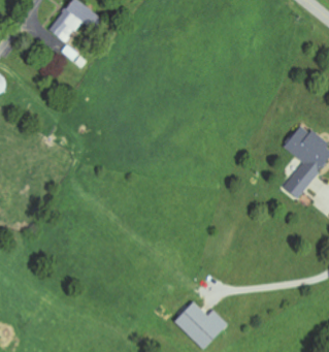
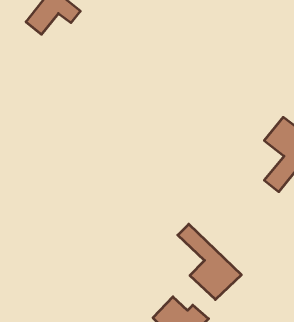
building: none -> [178,224,241,300]

